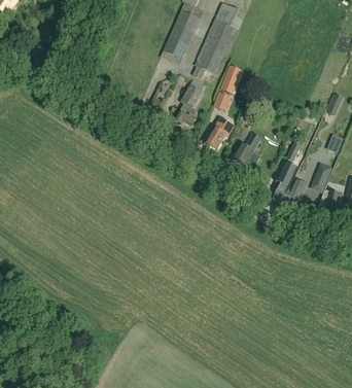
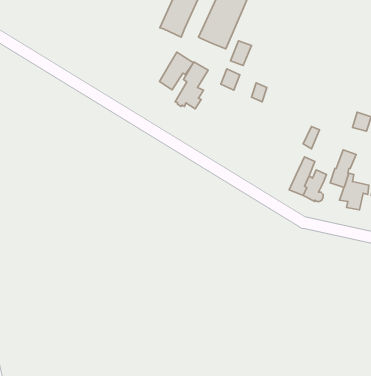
building: [205,115,235,148] -> [159,52,193,90]
building: [232,132,261,166] -> none

